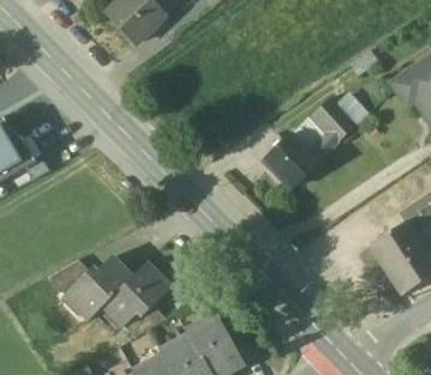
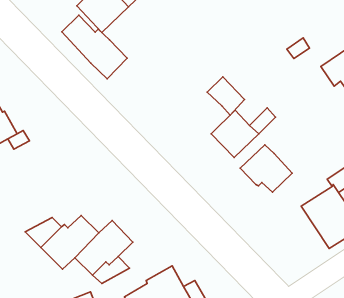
building: none -> [62,15,127,79]
building: [311,98,354,143] -> [207,77,244,115]
building: none -> [240,145,292,192]

